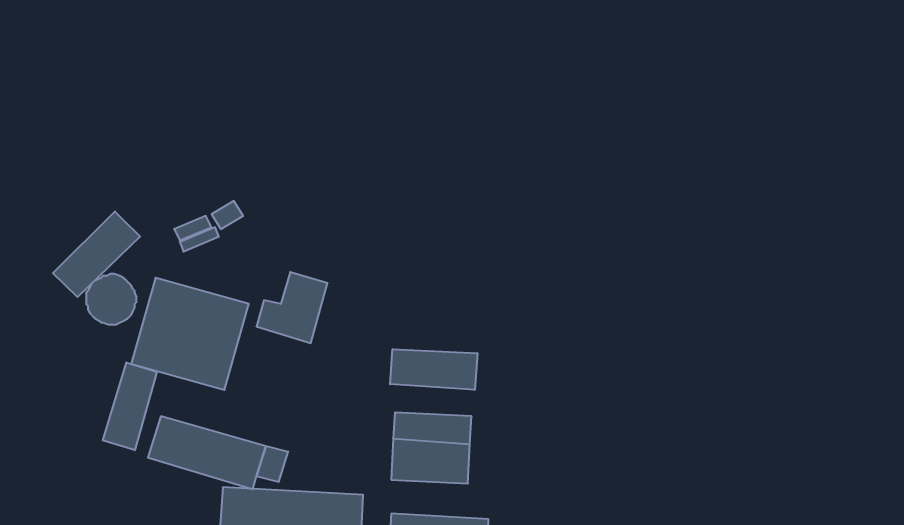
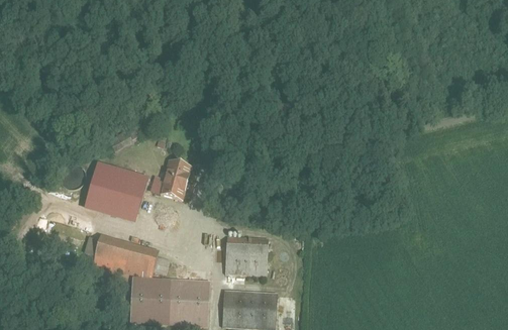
building: [53,211,140,297] -> none
building: [390,349,477,390] -> none
building: [103,362,157,450] -> none

